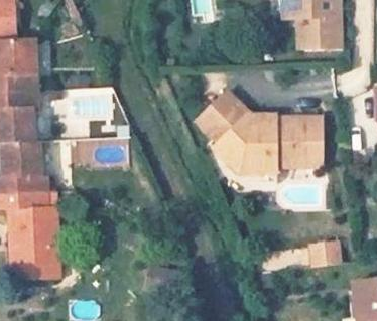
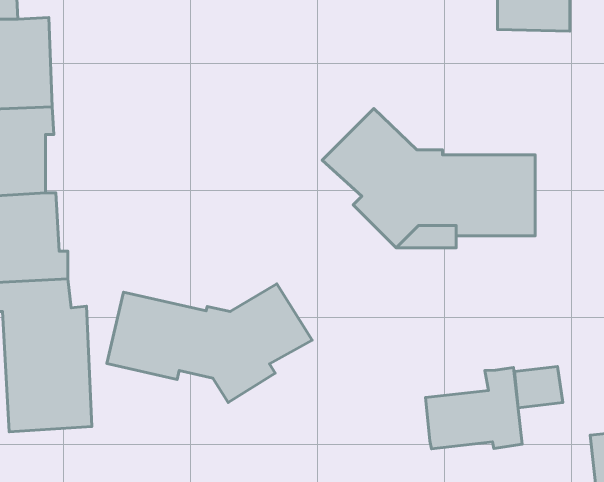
building: none -> [107,284,312,402]
building: none -> [426,367,522,449]

